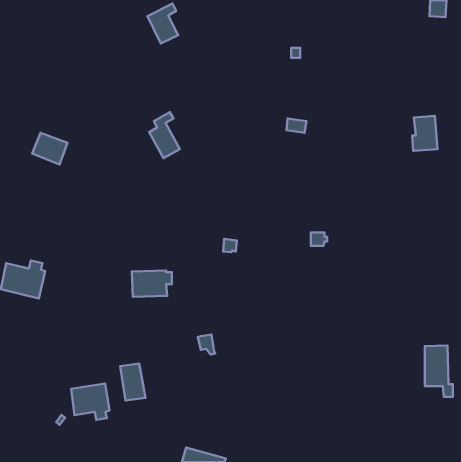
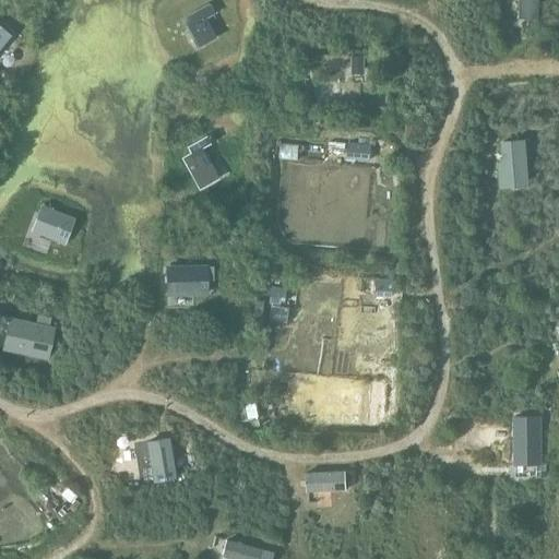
building: [32,133,68,164] -> [32,205,74,243]
building: [132,271,172,297] -> [166,265,214,297]
building: [71,383,110,420] -> none
building: none -> [306,473,357,492]

